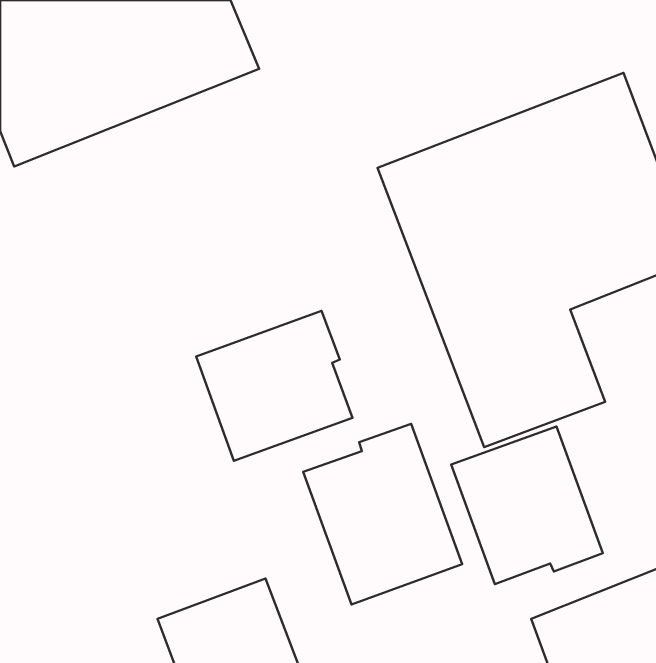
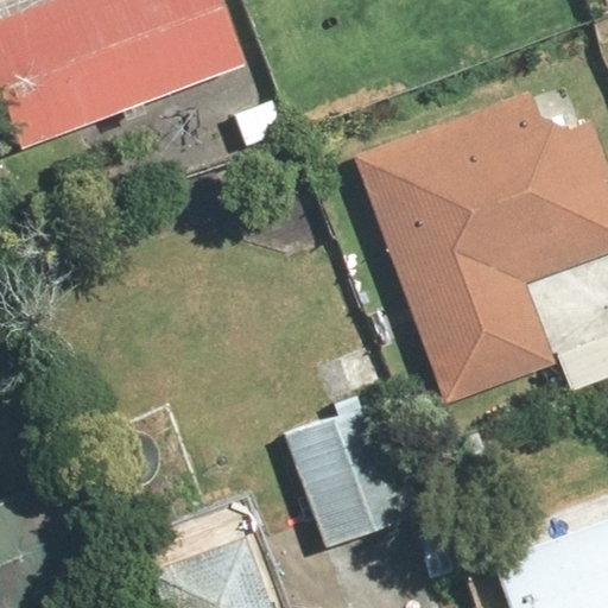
building: [196,311,352,461] -> none
building: [451,427,603,584] -> none

